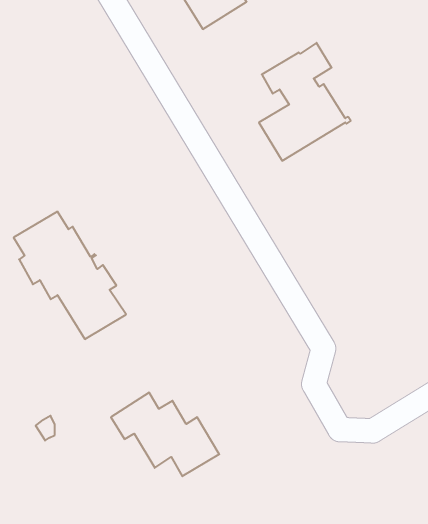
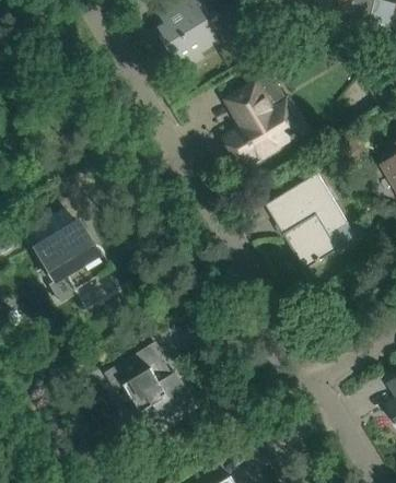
building: none -> [266,173,347,269]

